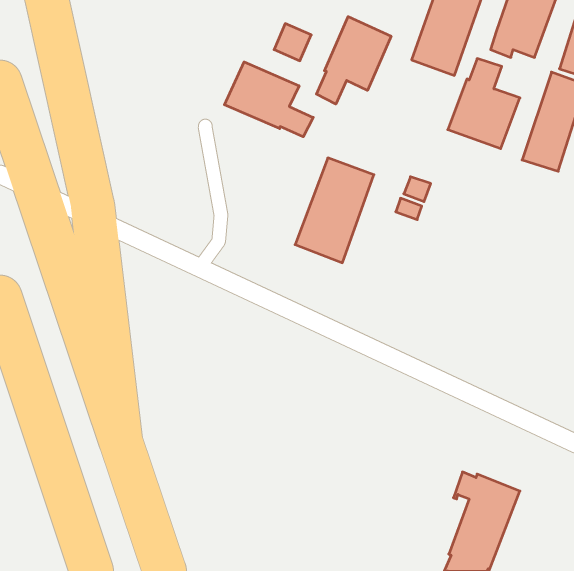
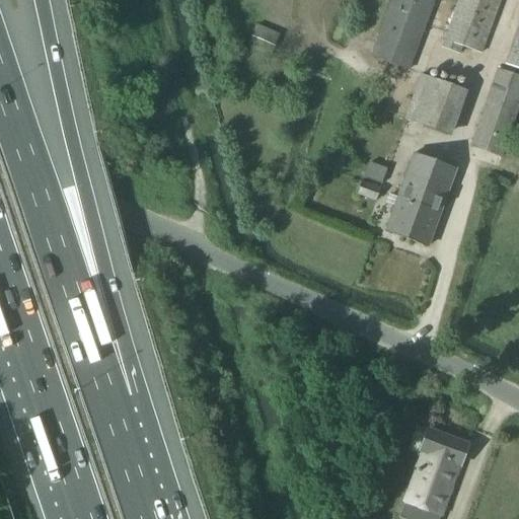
building: [316,17,391,104] -> none
building: [224,62,313,137] -> none
building: [295,158,374,263] -> [386,150,457,244]

